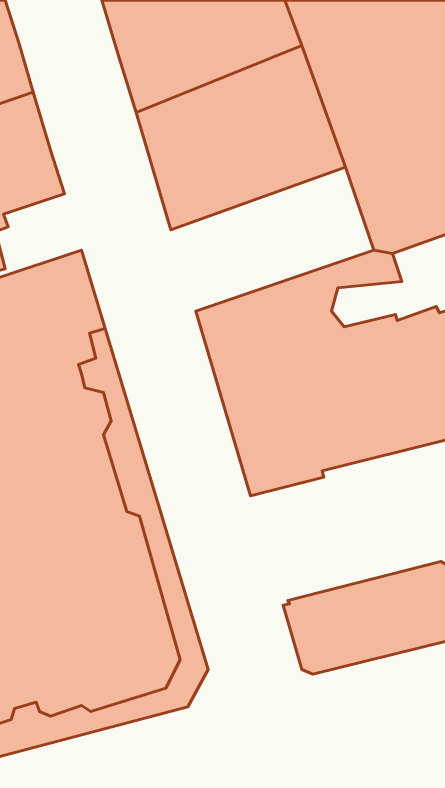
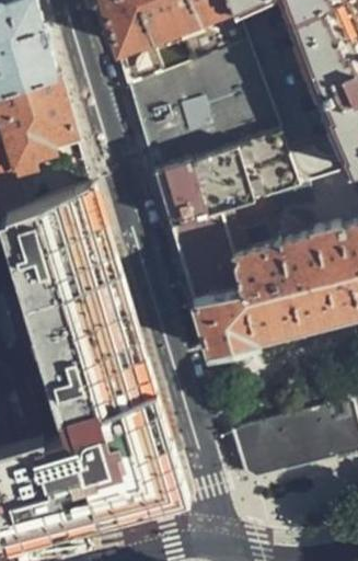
building: none -> [153,125,296,226]

